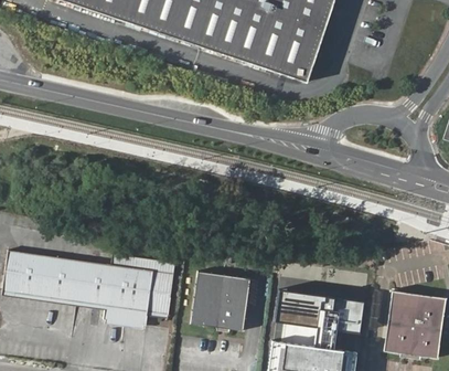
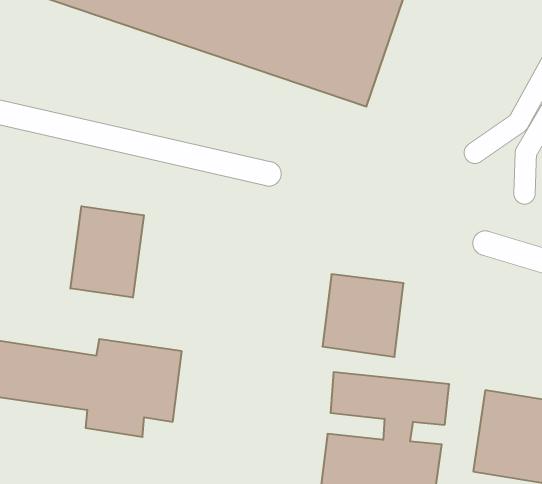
building: none -> [70,206,144,298]
building: [189,271,248,331] -> [322,274,404,357]

